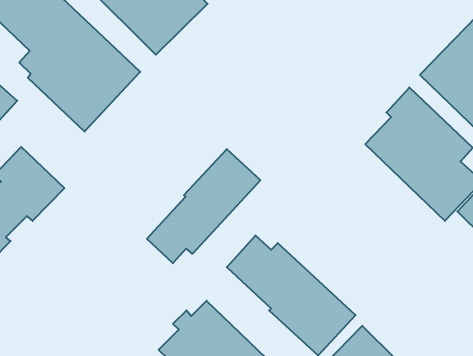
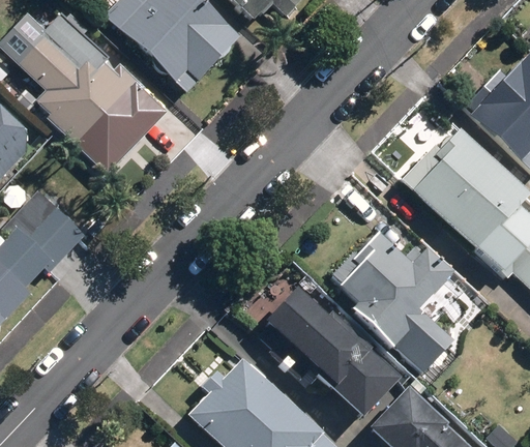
building: [147,149,260,263] -> none
building: none -> [333,231,451,369]

